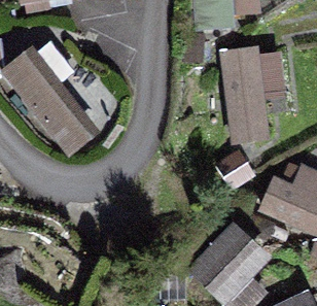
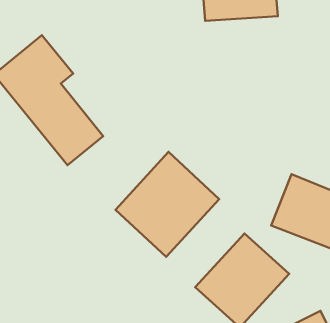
building: [222,46,284,145] -> none
building: none -> [116,152,219,257]

